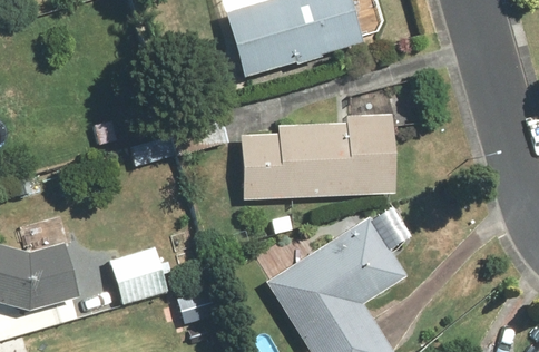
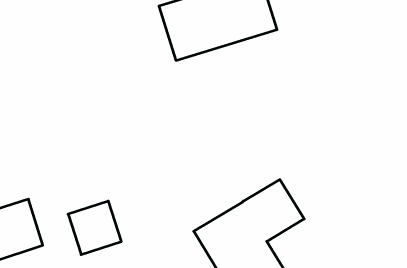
building: [242,116,392,198] -> none

